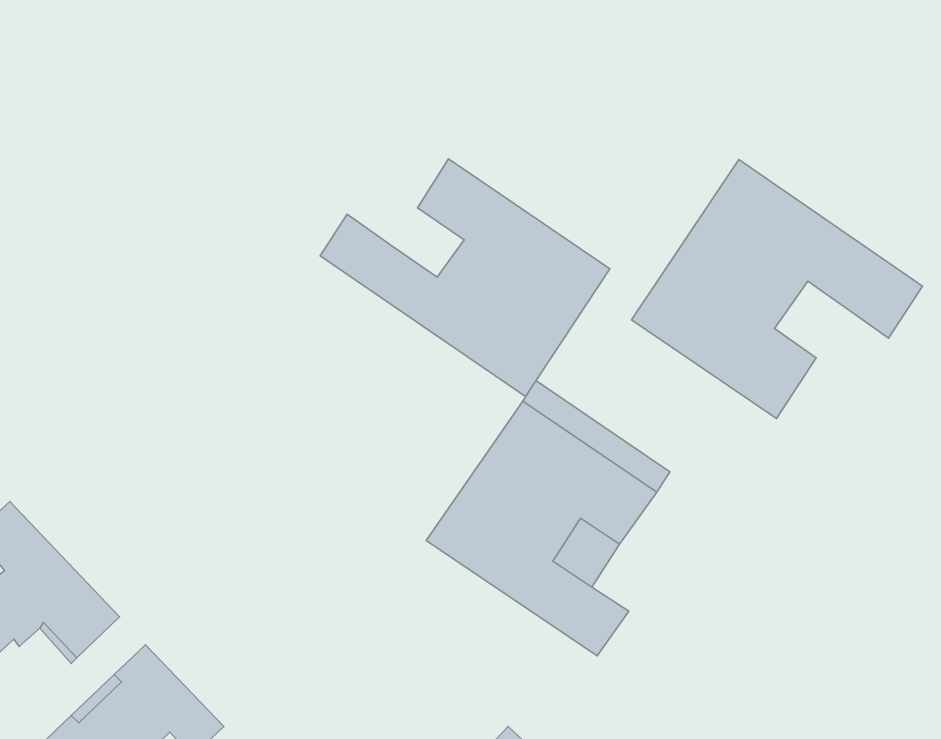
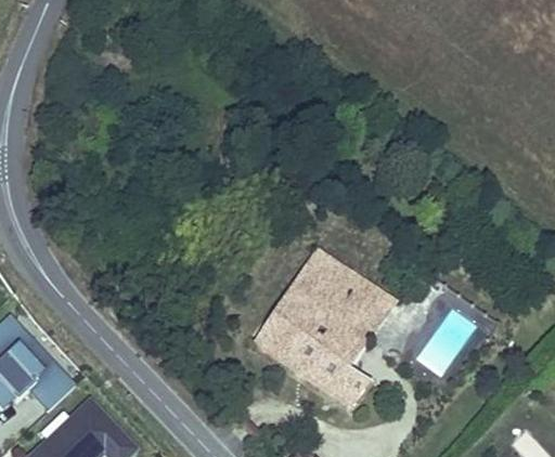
building: [320,159,610,397] -> none
building: [632,160,923,419] -> none

